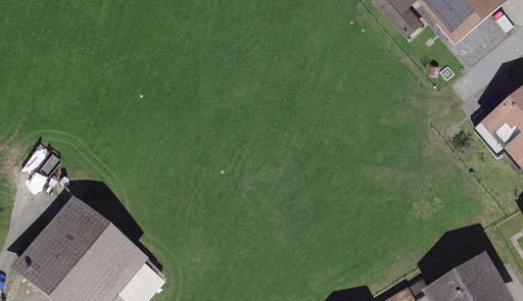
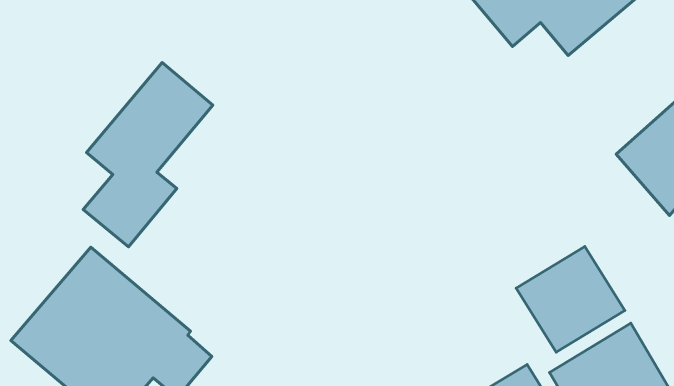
building: none -> [83,62,213,247]
building: none -> [516,246,625,352]

